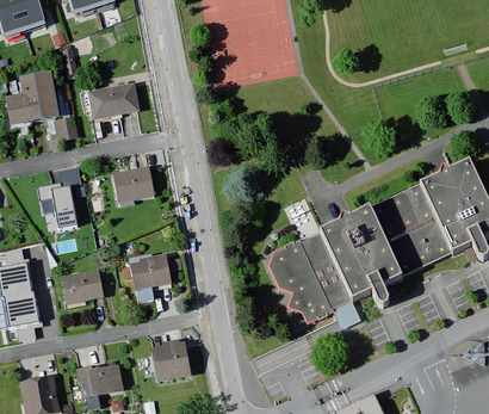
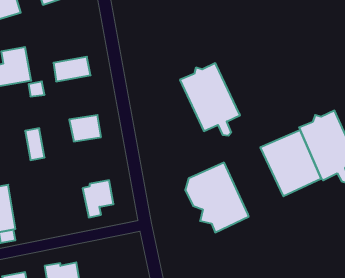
building: [320,206,401,304] -> [180,63,240,136]
building: [60,268,103,304] -> none
building: [155,338,194,379] -> none

